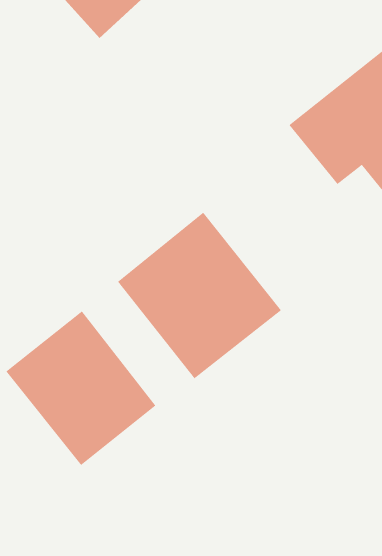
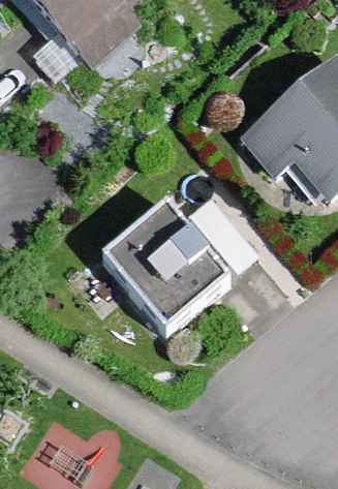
building: [6,311,156,466] -> none

